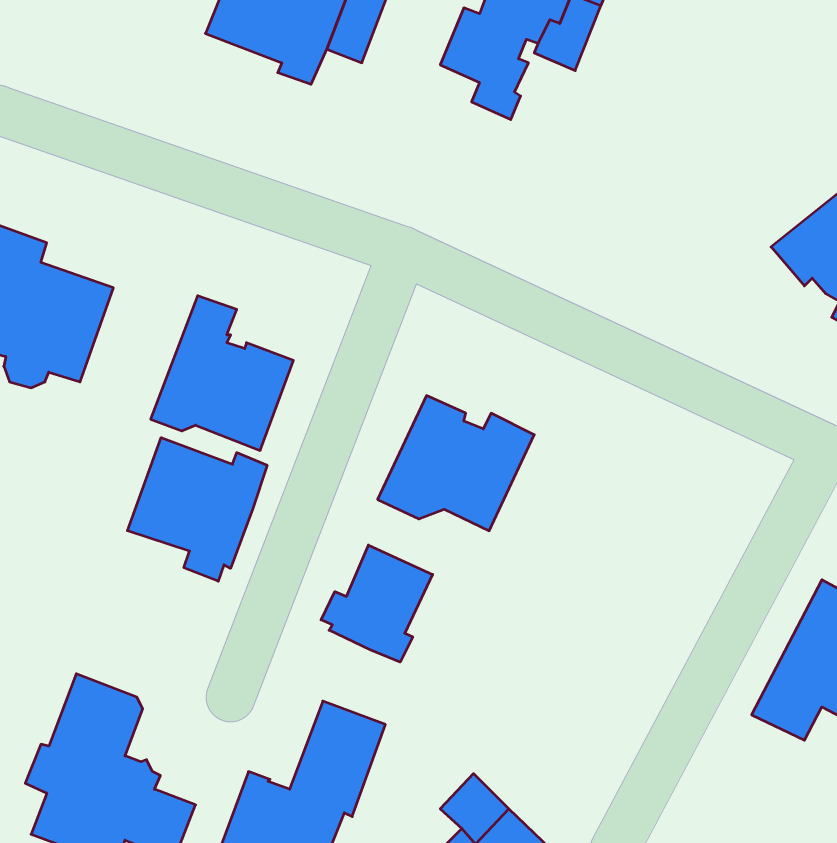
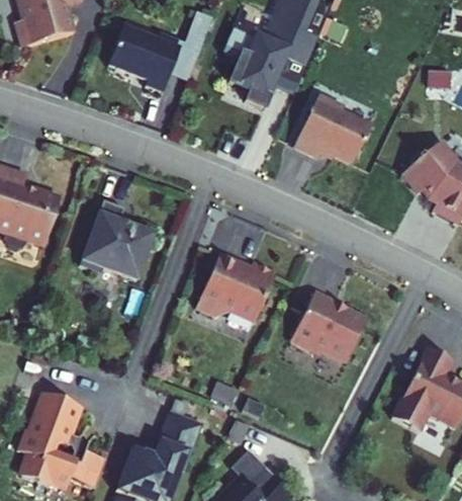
building: none -> [294,93,372,162]
building: [127,438,267,581] -> none
building: none -> [288,288,366,358]
building: [321,545,433,662] -> none

